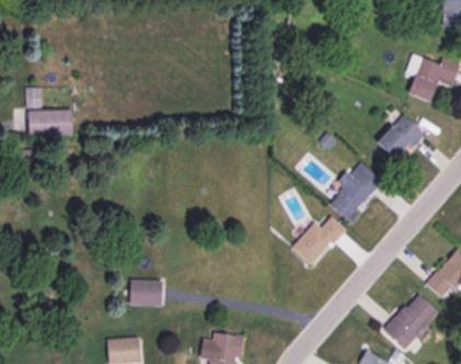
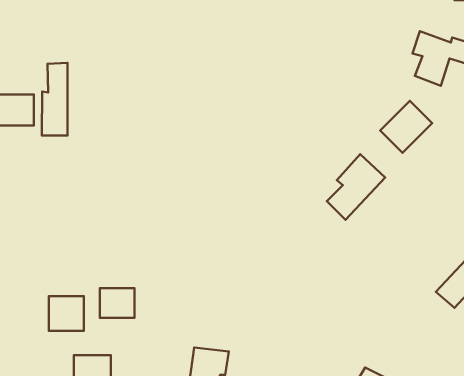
building: none -> [42,63,67,136]
building: [292,216,346,265] -> none
building: none -> [49,296,84,331]
building: [384,293,439,348] -> none

